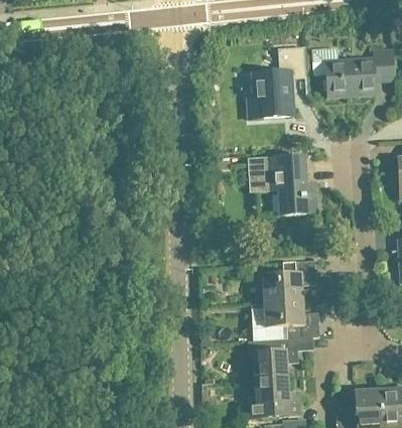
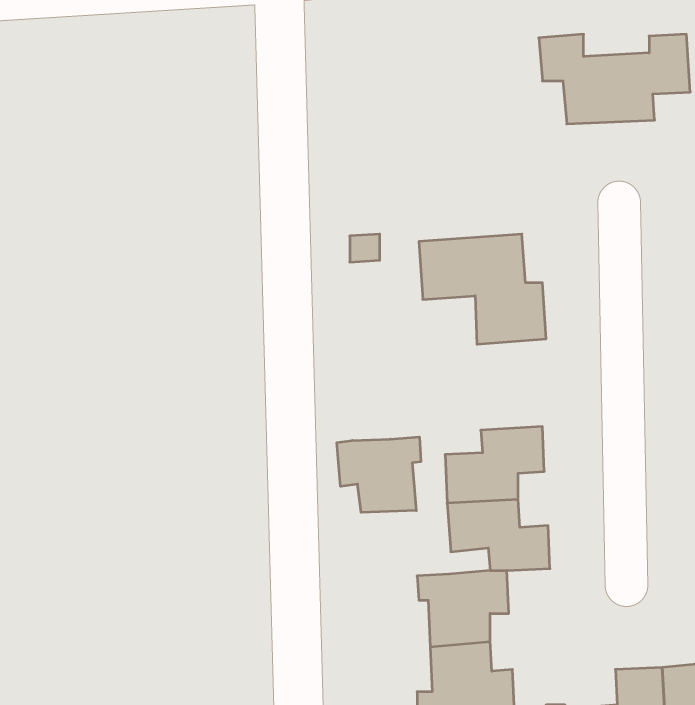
building: [250,45,307,118] -> none
building: none -> [337,437,421,512]

